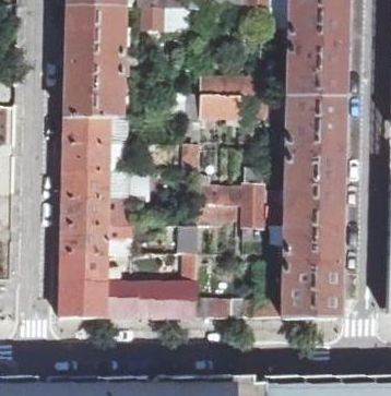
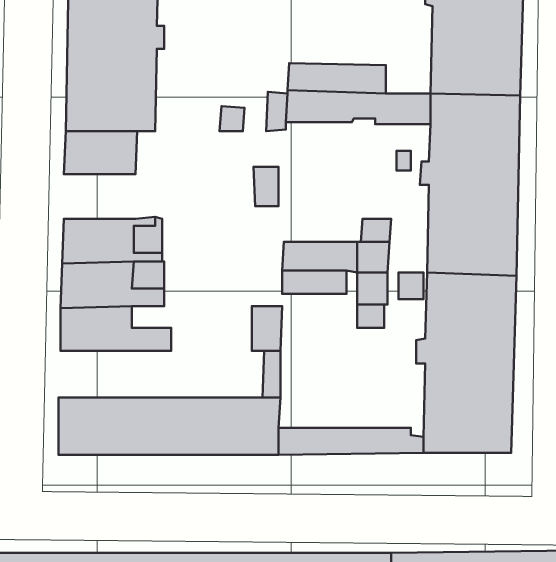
building: [64,147,108,175] -> none
building: [61,255,121,284] -> none

